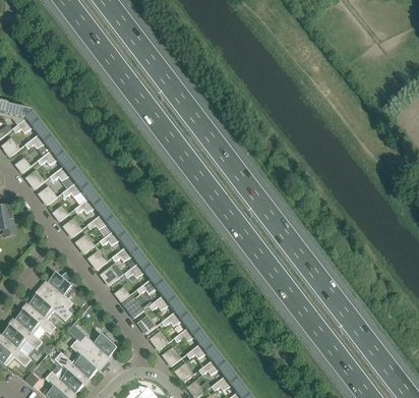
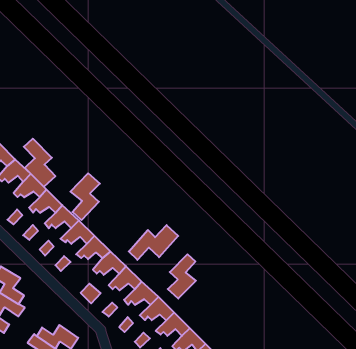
building: none -> [24,139,55,187]
building: none -> [70,173,100,220]
building: none -> [129,225,178,260]
building: none -> [168,254,196,299]

